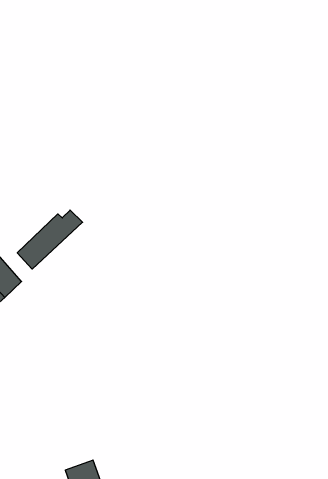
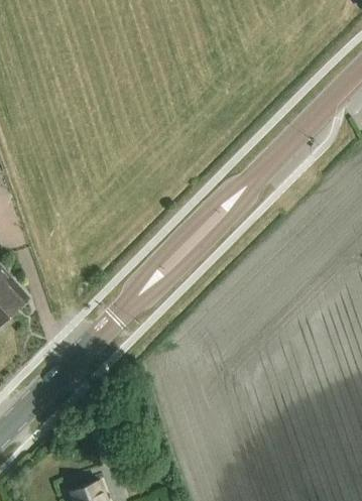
building: [17,210,83,269] -> none

